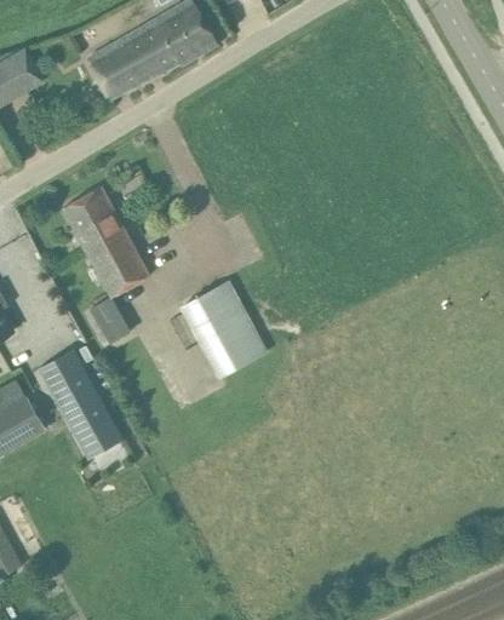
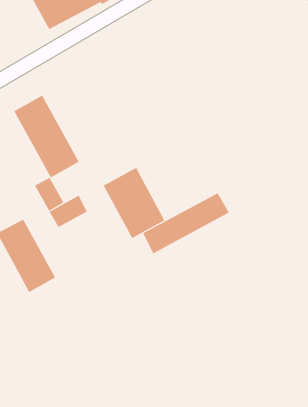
building: none -> [143,192,229,254]
building: none -> [49,195,88,228]

